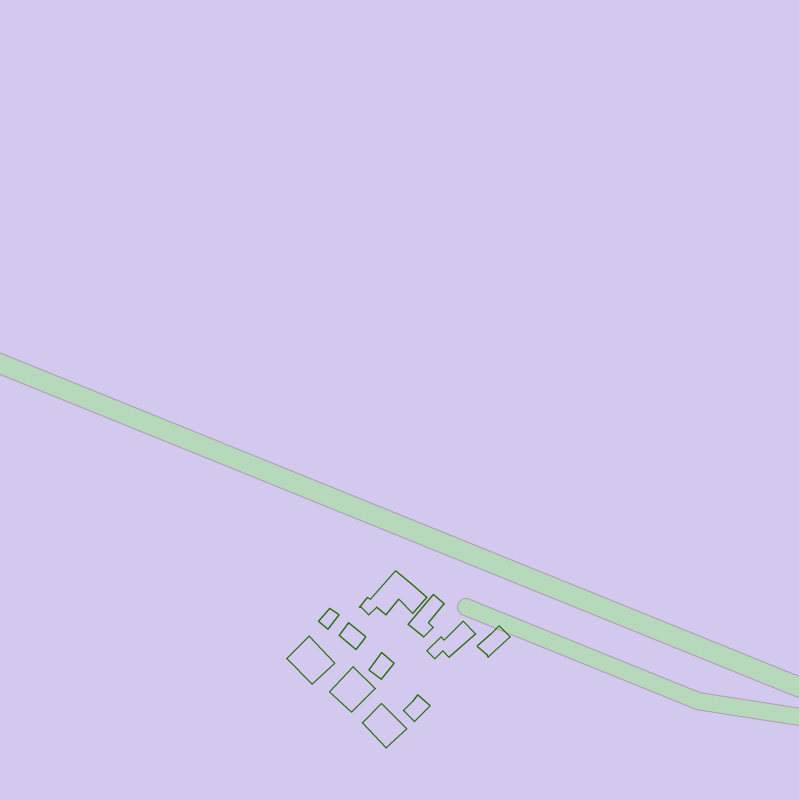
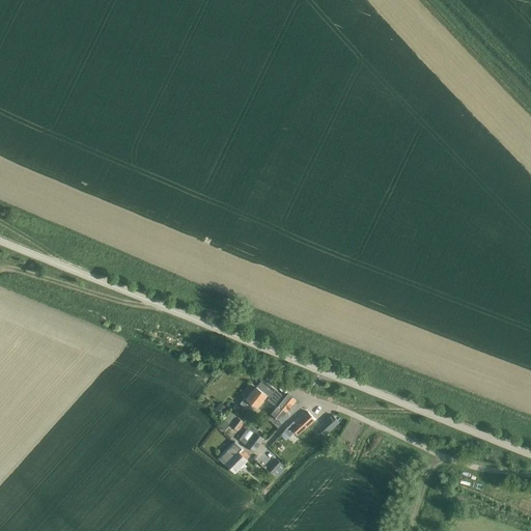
building: [287,636,335,684] -> none
building: [362,704,407,748] -> none

